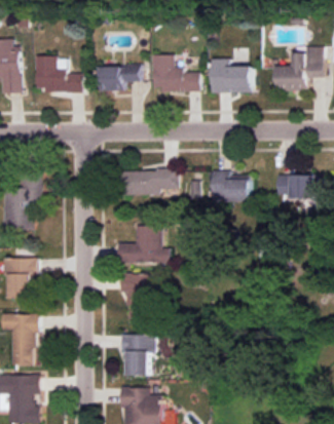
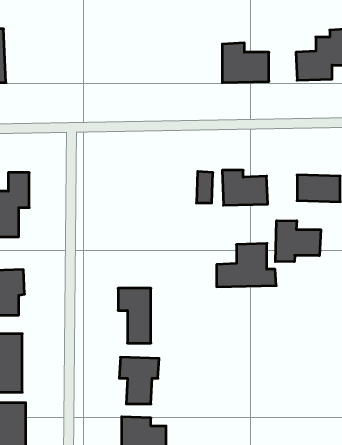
building: [152,55,199,92] -> none
building: [35,56,82,92] -> none
building: [100,66,140,91] -> none
building: [122,169,177,196] -> none
building: none -> [275,221,321,262]
building: [117,226,170,264] -> [217,243,276,287]

